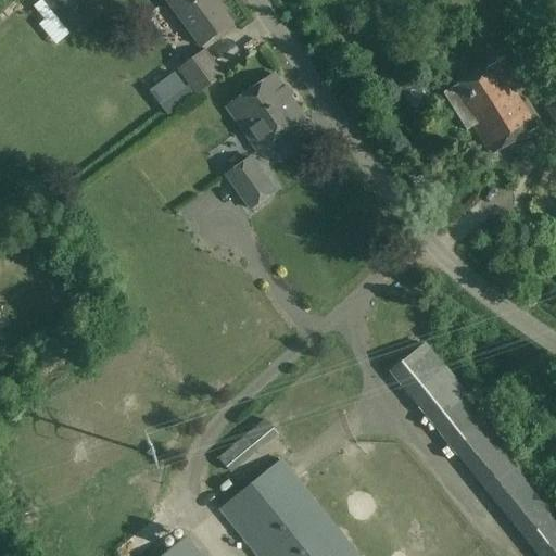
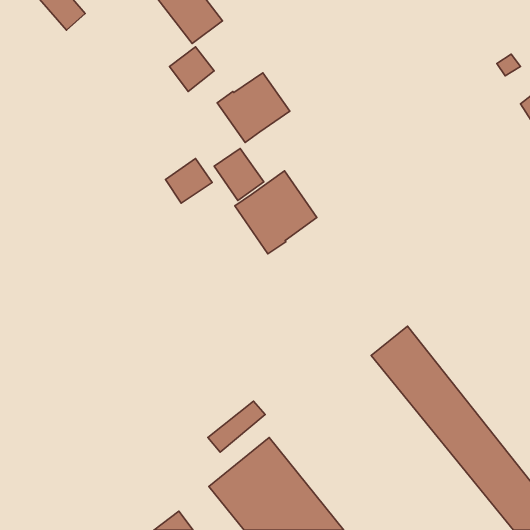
building: [446,62,536,154] -> none
building: [149,71,187,106] -> none
building: none -> [165,159,212,203]
building: none -> [235,171,317,254]

